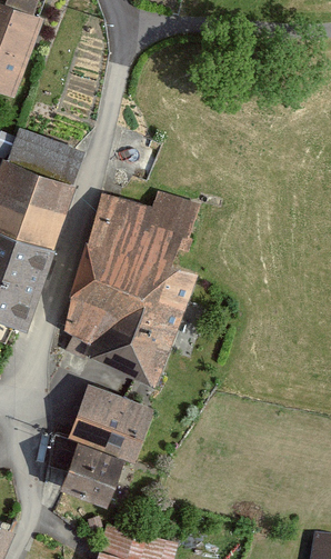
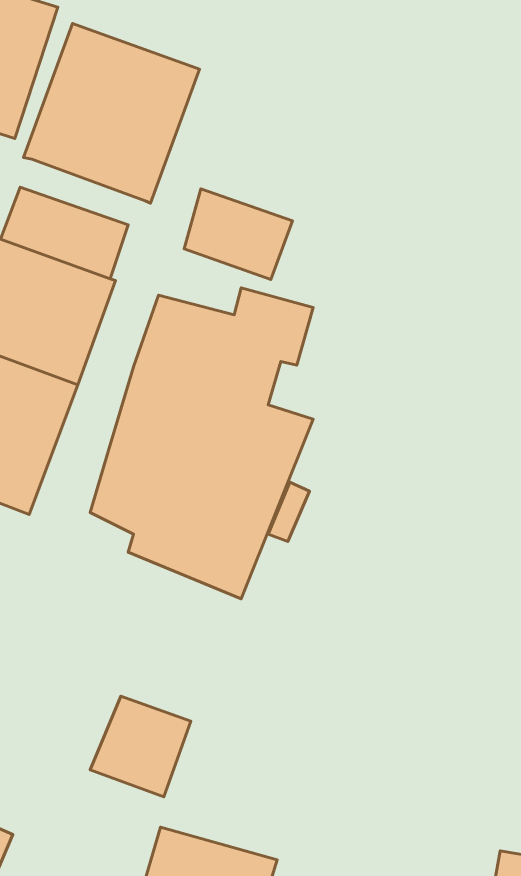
building: none -> [24,23,199,203]
building: none -> [184,189,292,280]
building: [67,389,153,465] -> none

